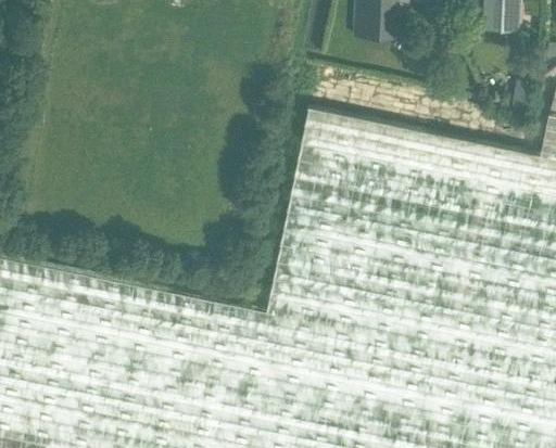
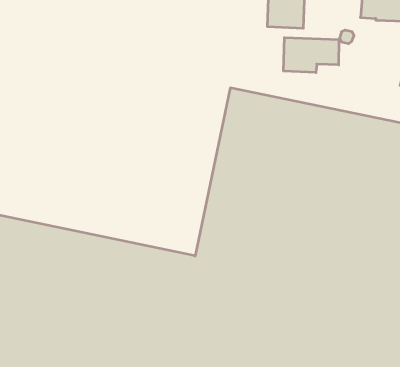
building: none -> [284,38,339,73]

